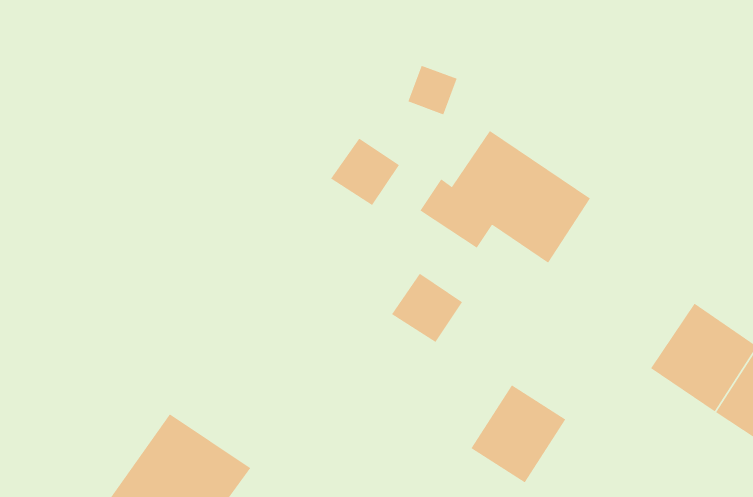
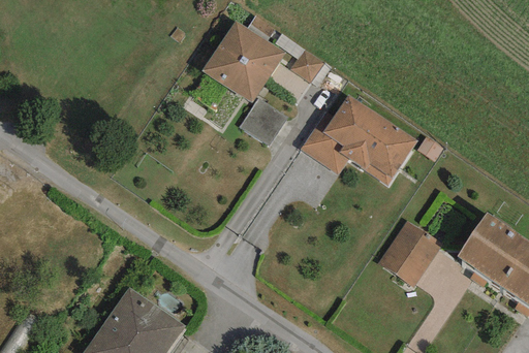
building: none -> [201,21,284,103]
building: [391,273,463,343] -> none
building: [471,385,566,483] -> [377,220,442,287]

